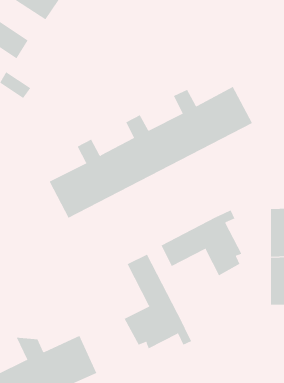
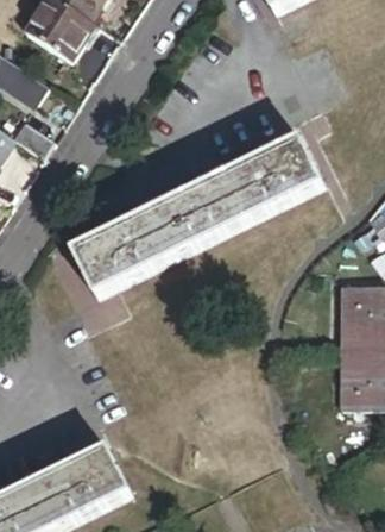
building: [161,210,242,276] -> none
building: [124,254,192,349] -> none

